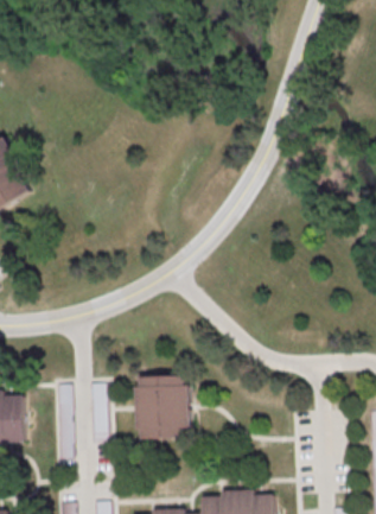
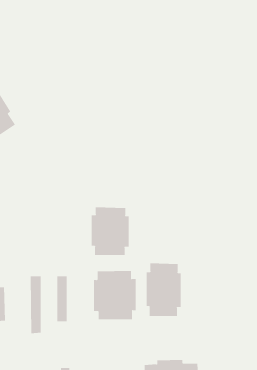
building: none -> [91,206,129,256]
building: none -> [146,262,181,317]

